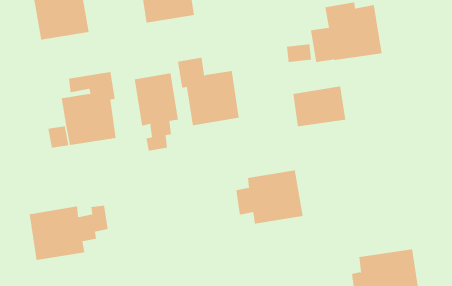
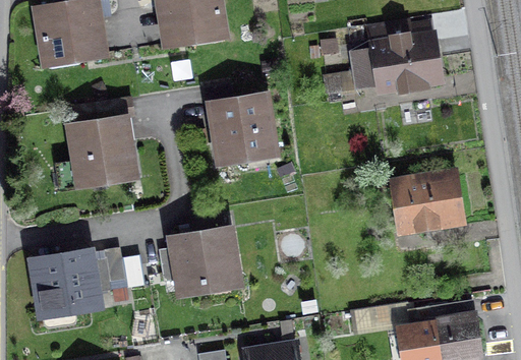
building: [134,73,178,152] -> none
building: [293,86,346,127] -> [399,179,460,226]
building: [236,170,303,224] -> [162,231,239,293]

